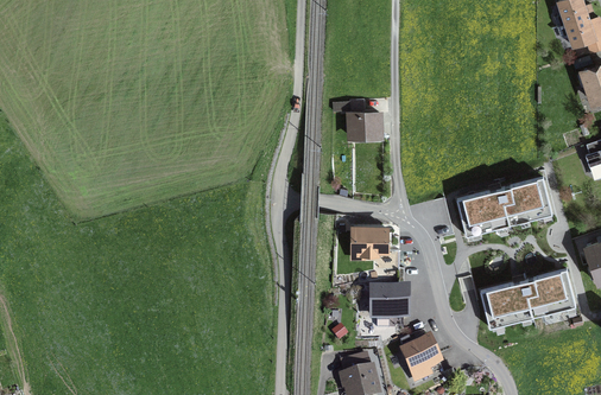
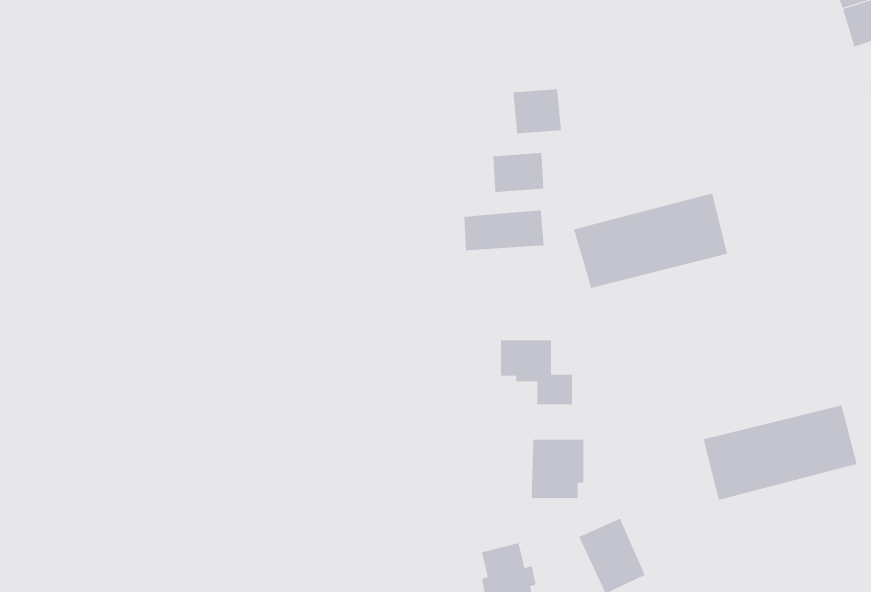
building: none -> [513,88,561,134]
building: none -> [464,209,544,251]
building: [455,174,551,234] -> [573,193,728,288]

